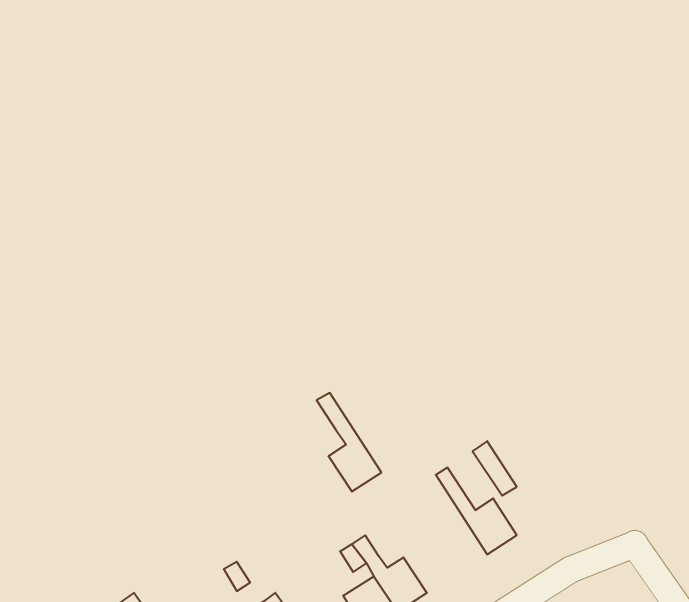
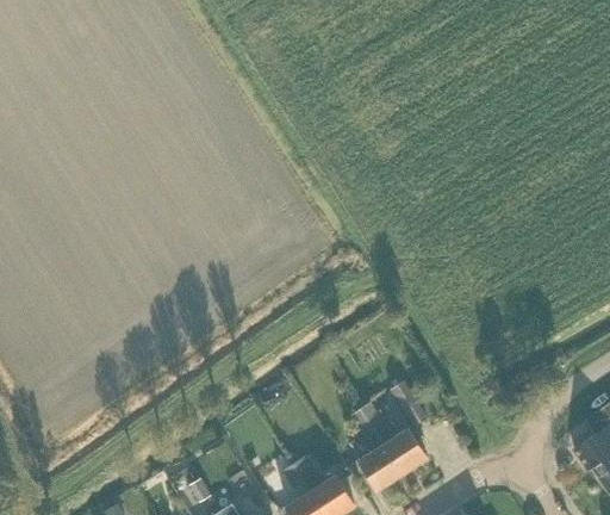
building: [317,393,381,492] -> [351,409,404,489]

